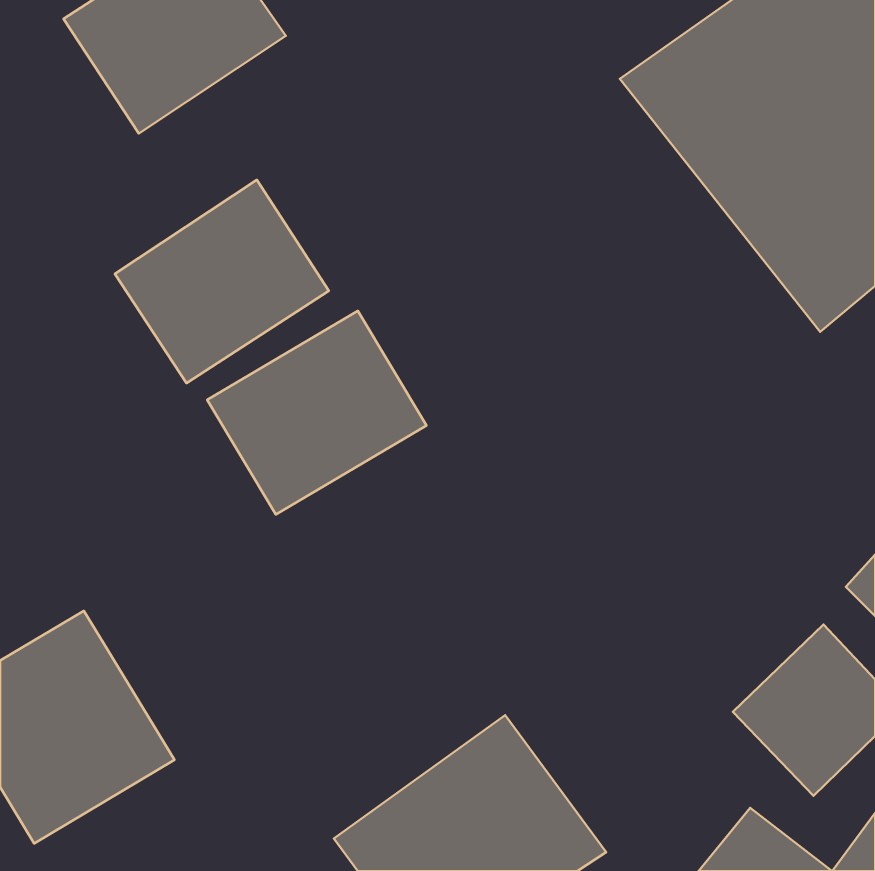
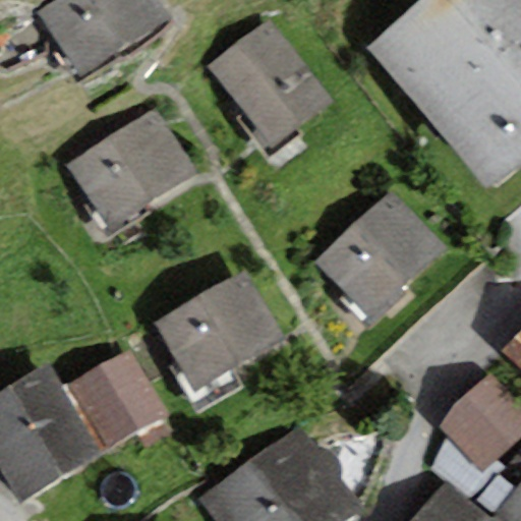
building: none -> [209,19,333,149]
building: [207,311,426,515] -> [154,270,284,391]
building: none -> [313,188,446,324]
building: none -> [64,348,168,452]

